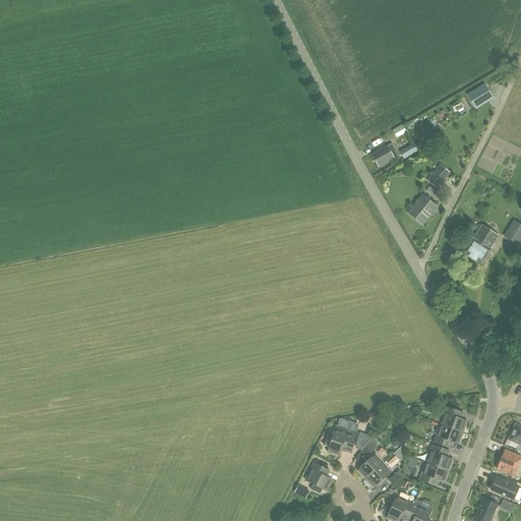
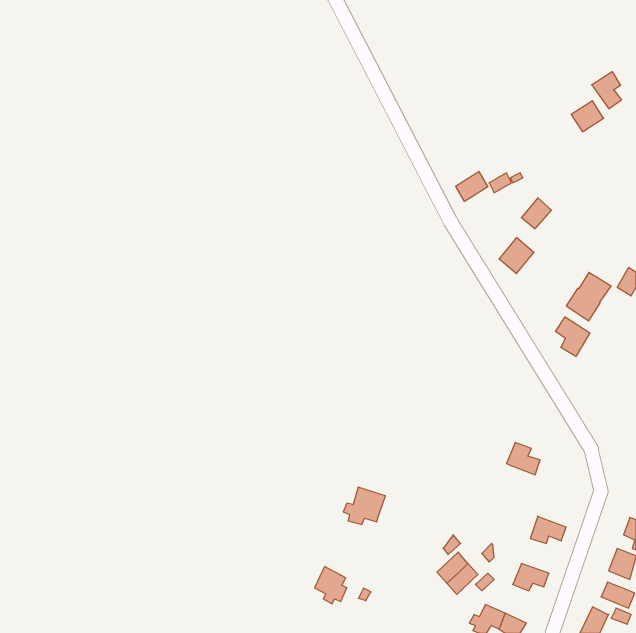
building: none -> [592,72,621,109]
building: none -> [556,317,590,357]
building: [440,405,467,431] -> [507,442,540,475]
building: [324,423,358,454] -> [343,487,385,524]
building: [426,444,453,469] -> none
building: [305,461,332,491] -> [315,567,347,604]

